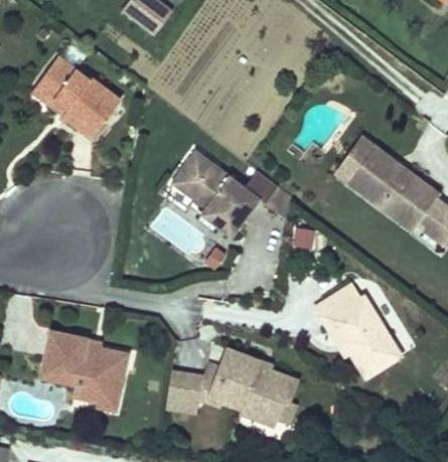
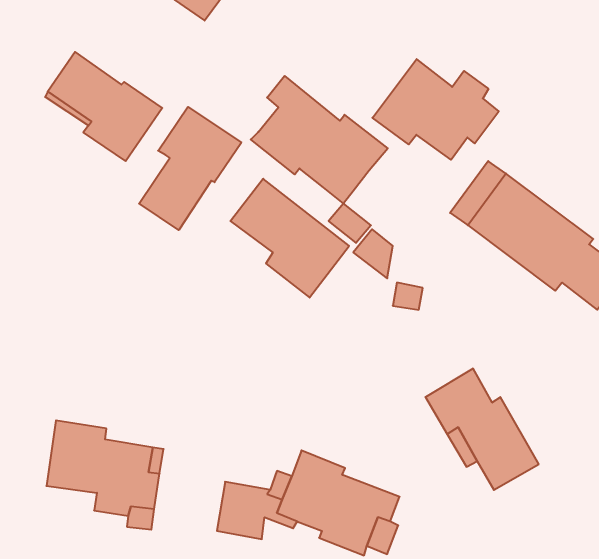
building: none -> [372,59,499,160]
building: none -> [251,76,388,203]
building: none -> [139,107,241,230]

